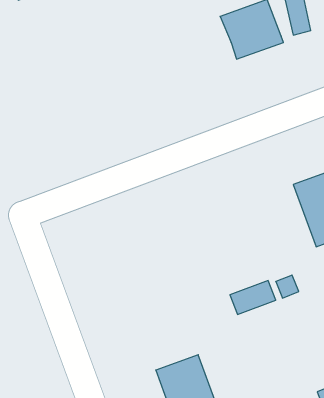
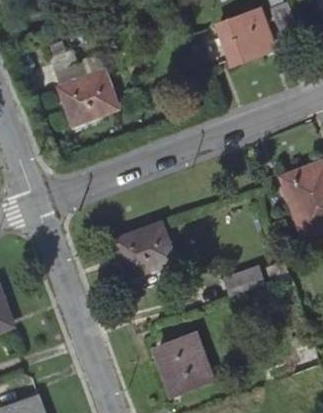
building: none -> [62,69,117,120]
building: none -> [118,223,173,274]

